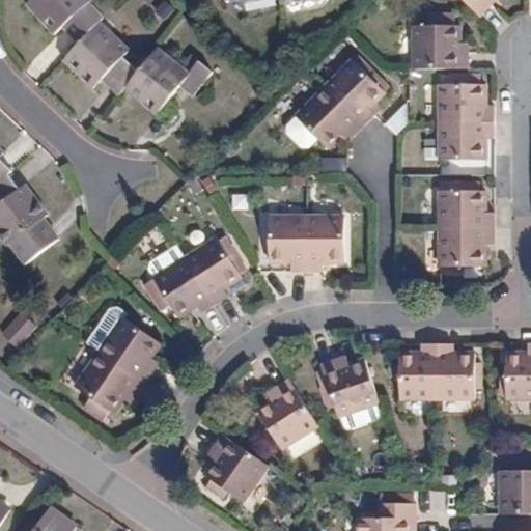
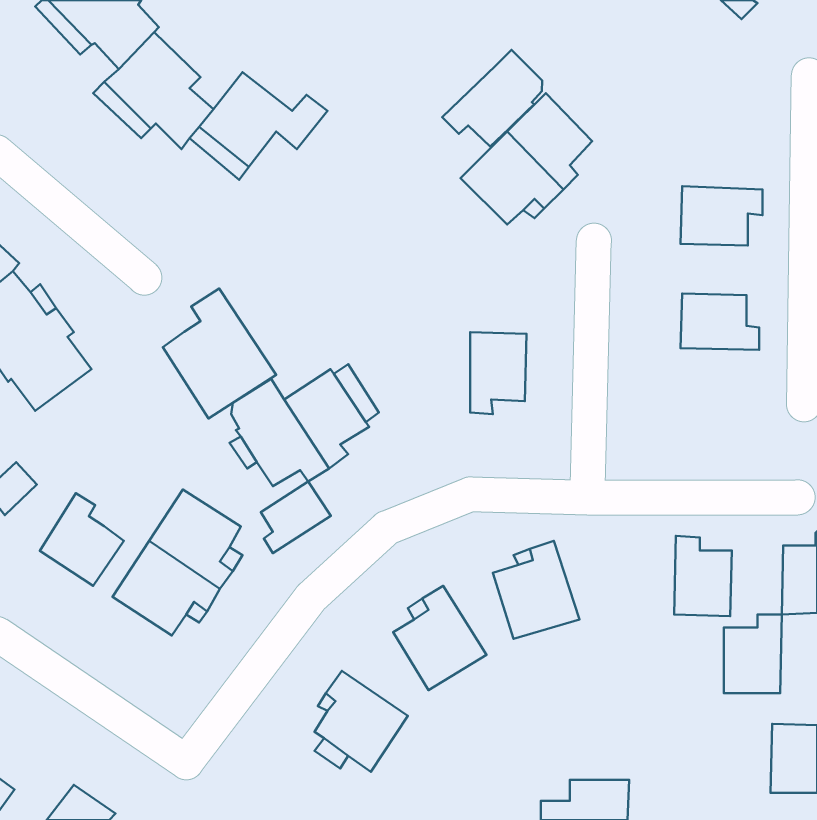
building: [412,22,465,66] -> none
building: none -> [442,50,542,146]
building: [441,86,493,122] -> none
building: none -> [163,289,276,418]
building: [267,214,304,267] -> none
building: [439,225,492,262] -> none
building: none -> [261,481,331,553]
building: none -> [40,493,124,586]
building: [399,346,437,397] -> [724,615,782,693]

